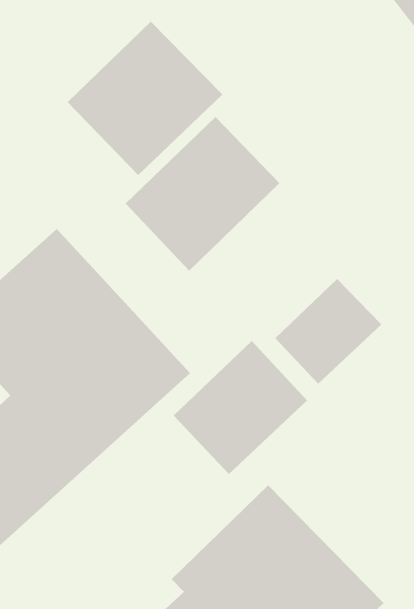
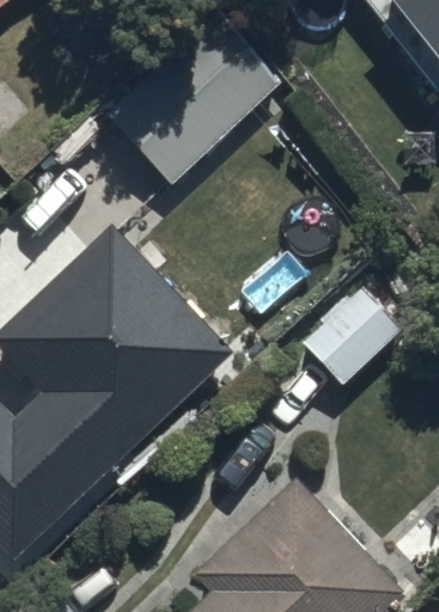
building: [125,116,280,271] -> none
building: [173,340,308,475] -> none

